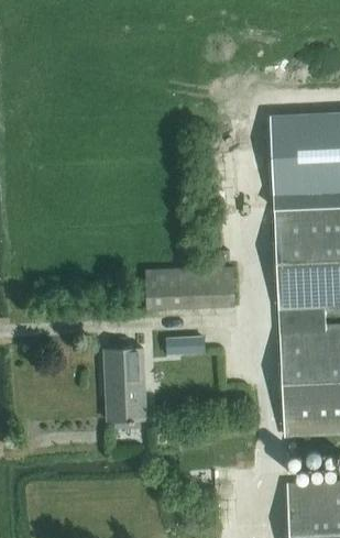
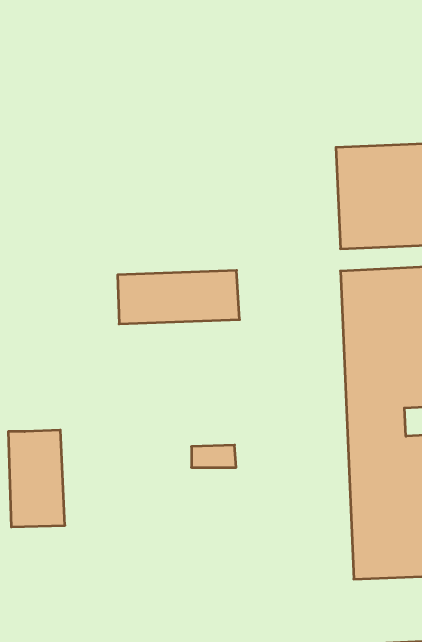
building: [143,267,233,307] -> [118,270,240,324]
building: [103,349,145,420] -> [8,430,65,527]

